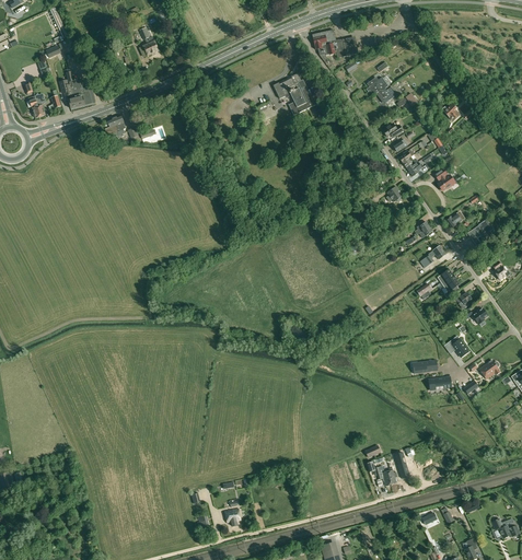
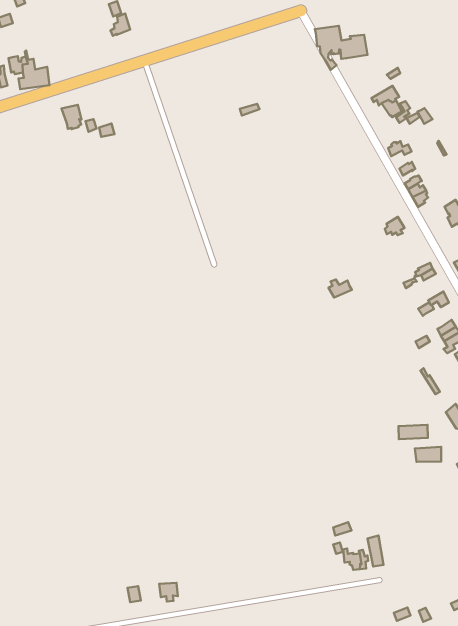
building: [274,73,315,115] -> none

